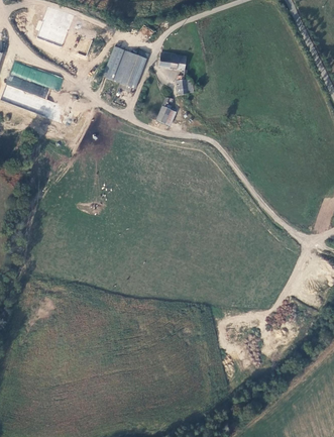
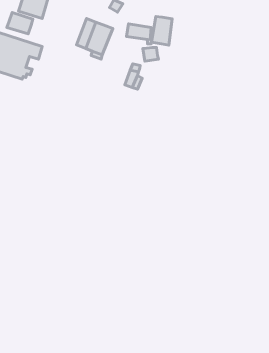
building: none -> [7,13,33,34]
building: none -> [152,16,172,45]

